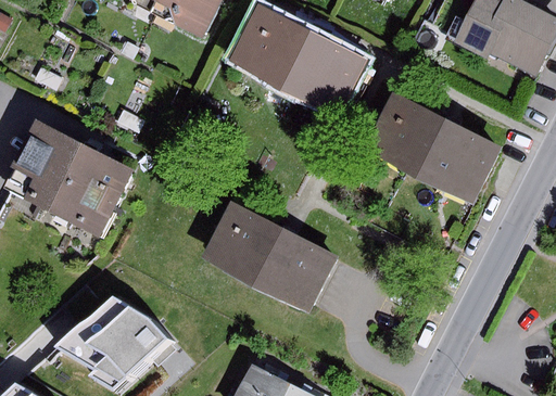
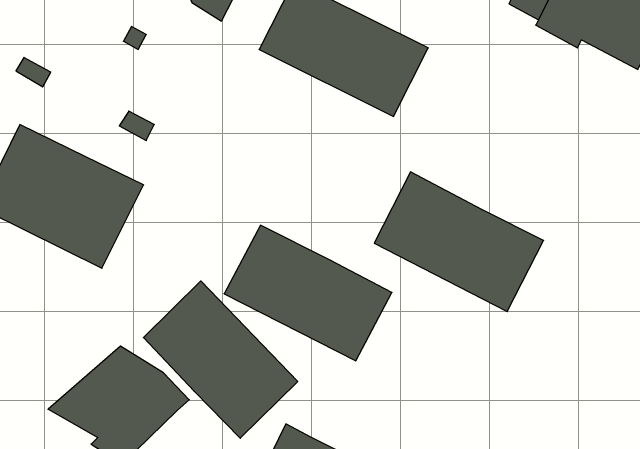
building: [364,91,501,204] -> [374,172,544,312]
building: none -> [143,281,298,438]

